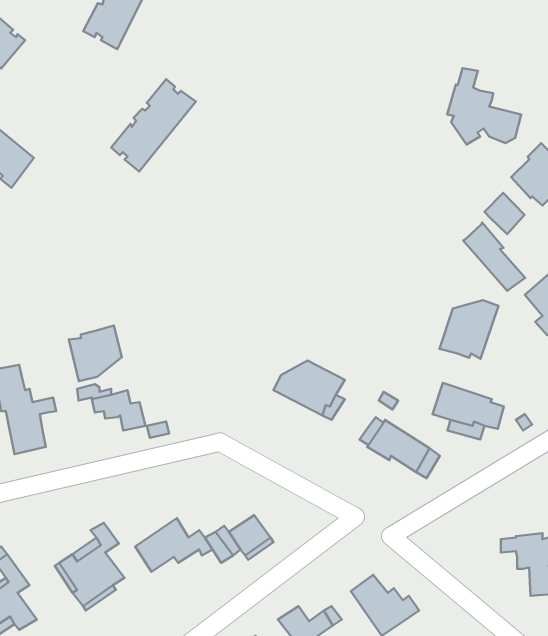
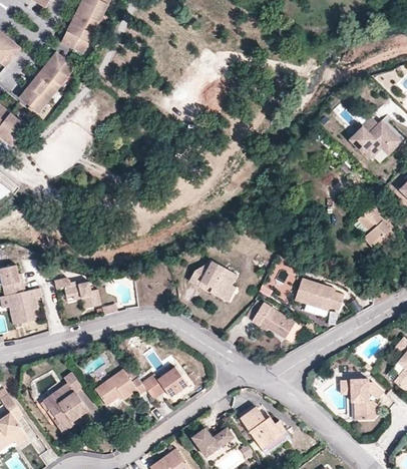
building: [447,68,521,145] -> none
building: [111,79,196,171] -> [19,50,76,112]
building: [484,193,525,234] -> none
building: [463,223,525,291] -> none
building: [440,300,499,359] -> none
building: [69,325,122,381] -> none

